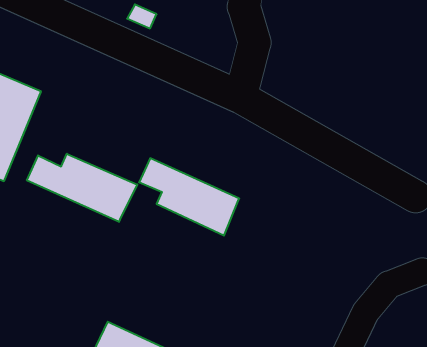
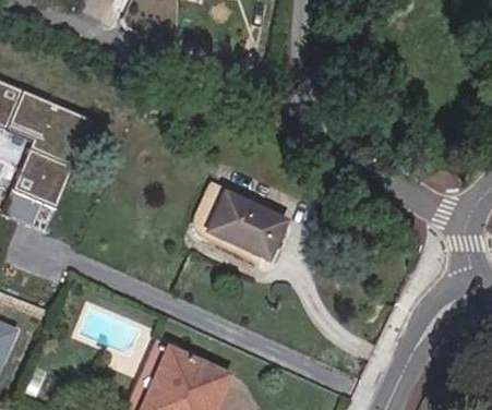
building: [27,154,137,222] -> none

